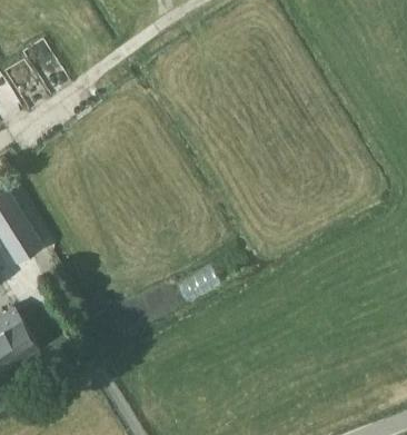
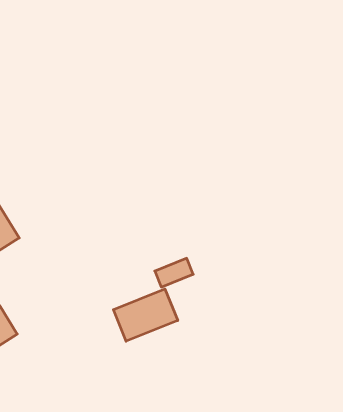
building: none -> [113,289,178,341]

